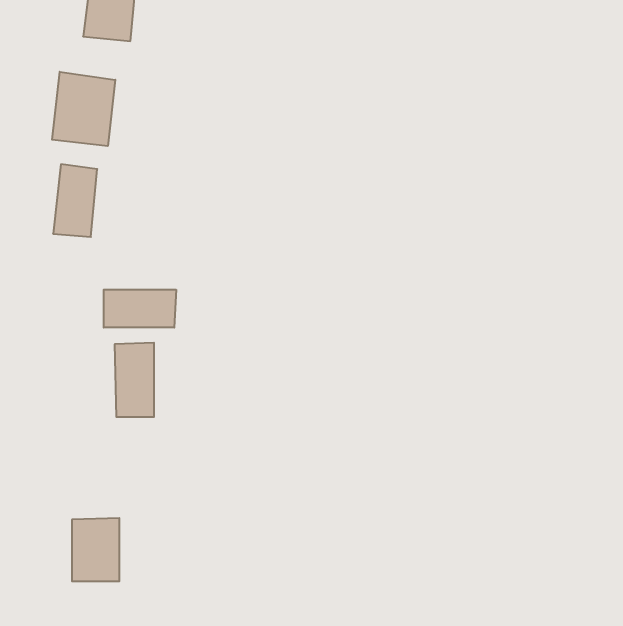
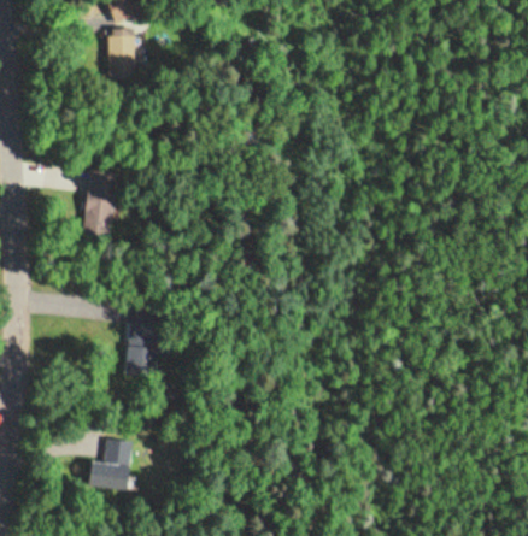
building: [52,72,115,146] -> none
building: [104,290,176,328] -> none

